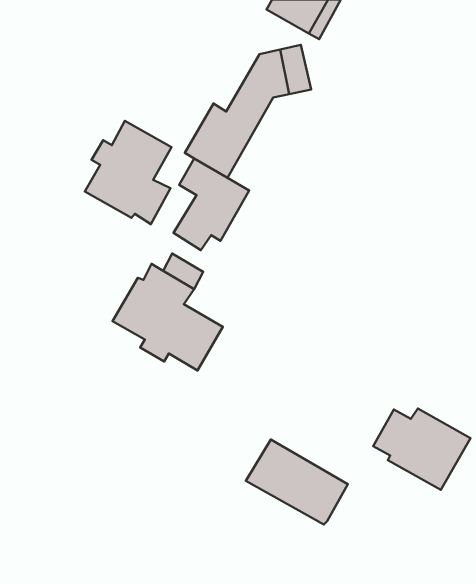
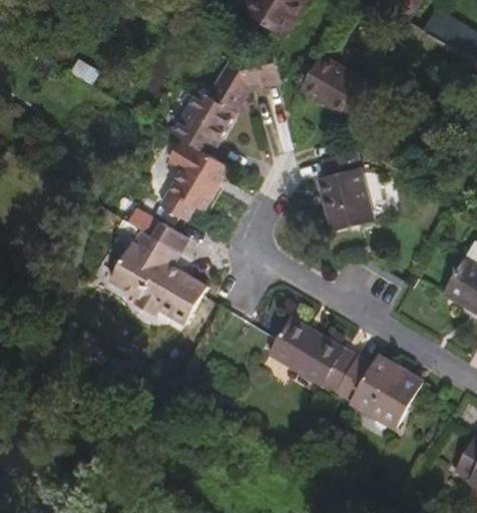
building: none -> [304,52,370,115]
building: [85,121,171,224] -> none
building: none -> [318,150,377,232]
building: [246,440,348,524] -> [266,320,355,394]

